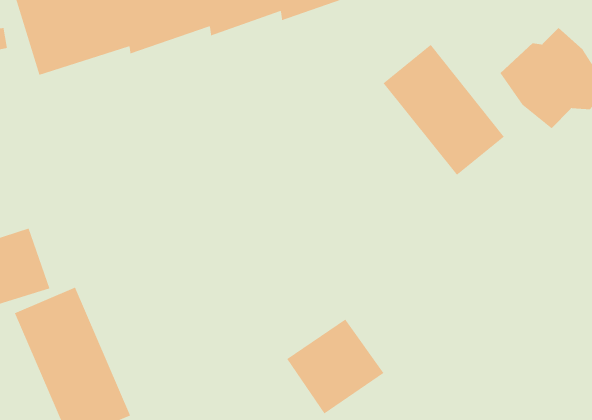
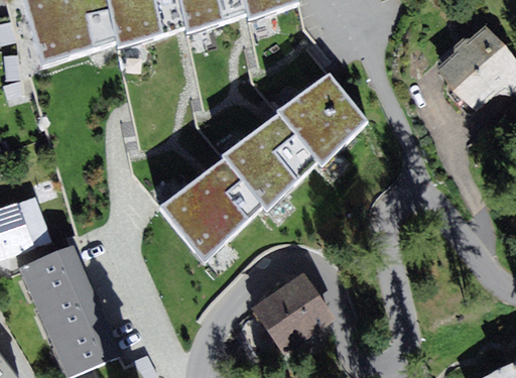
building: [383,44,505,176] -> none
building: none -> [159,72,366,260]

